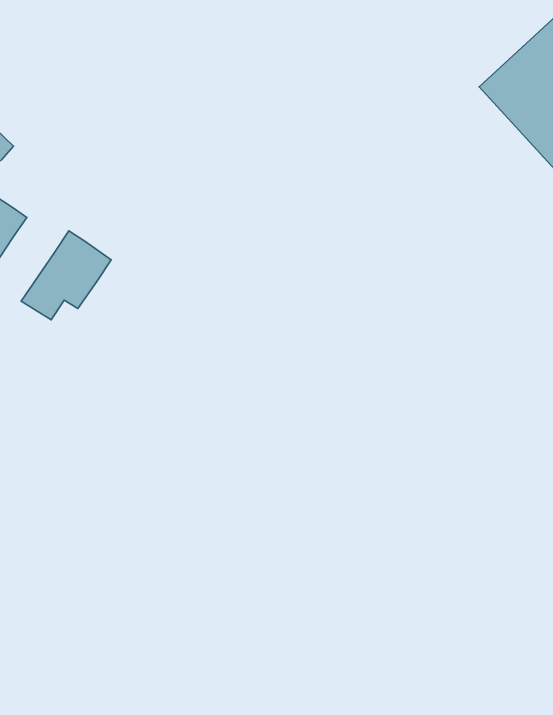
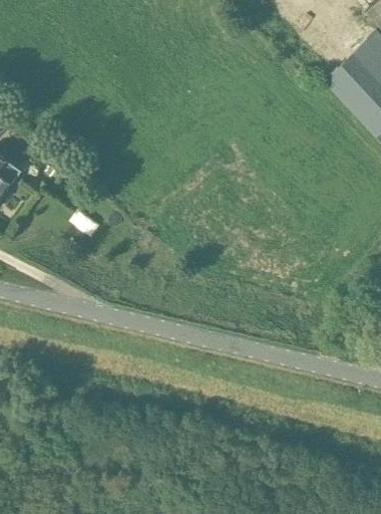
building: [21,231,111,320] -> none

